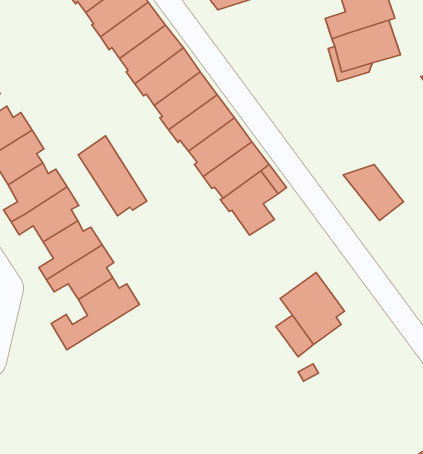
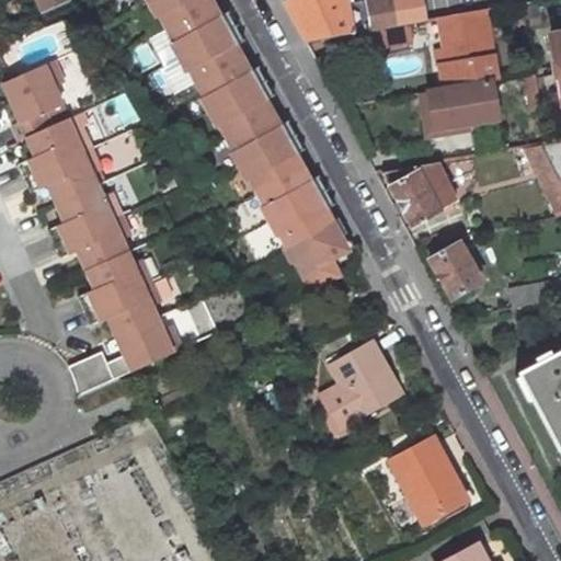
building: none -> [379,158,459,224]
building: [78,136,147,216] -> none
building: none -> [396,438,467,523]

